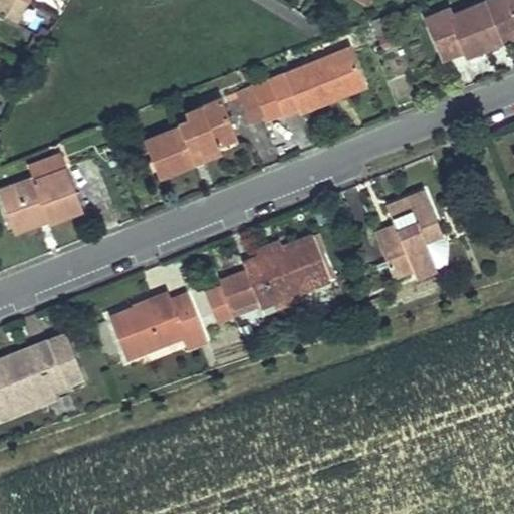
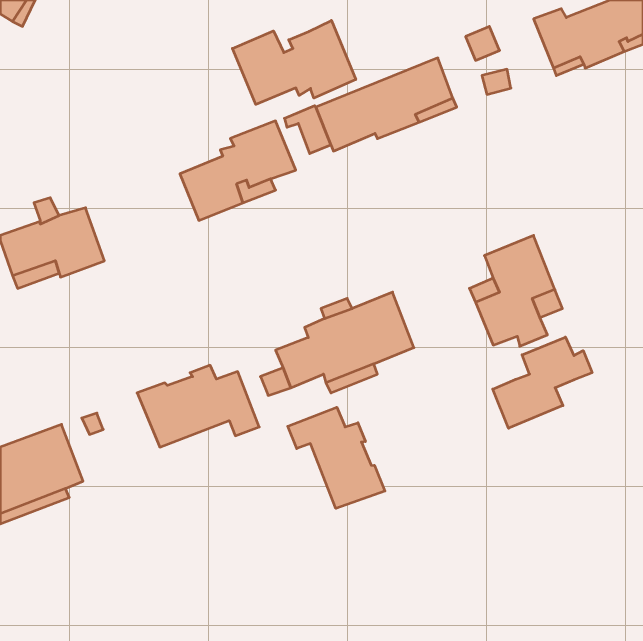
building: none -> [232,20,356,104]
building: none -> [493,337,592,428]
building: none -> [288,407,385,508]

